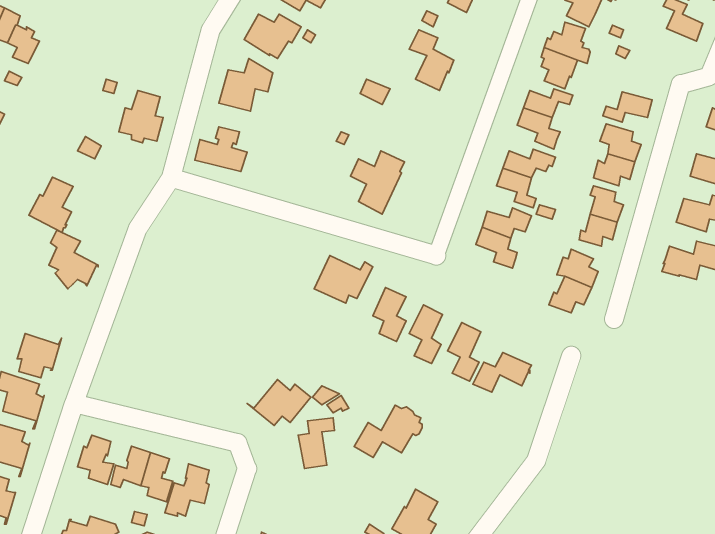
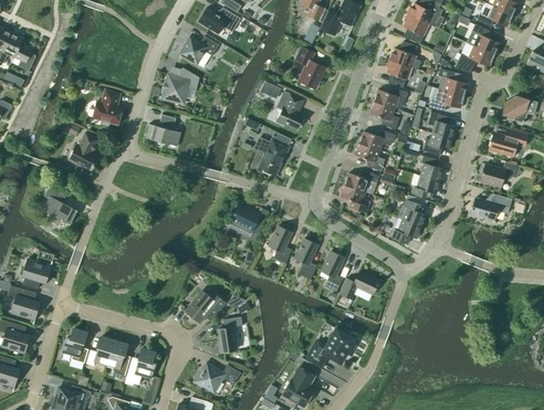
building: none -> [454,42,494,72]
building: none -> [438,67,467,95]
building: none -> [276,91,304,129]
building: [29,177,73,233] -> [69,132,100,170]
building: [354,405,422,458] -> [307,328,355,365]
building: none -> [193,361,240,392]

